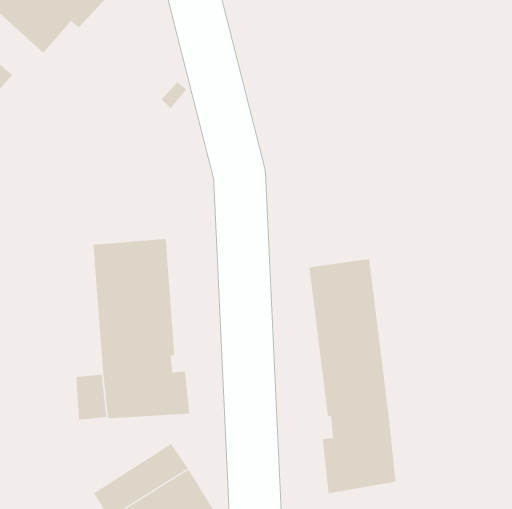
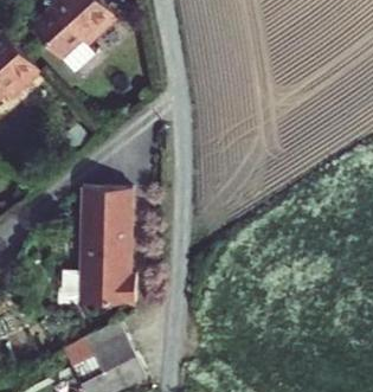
building: [309,258,396,494] -> none

